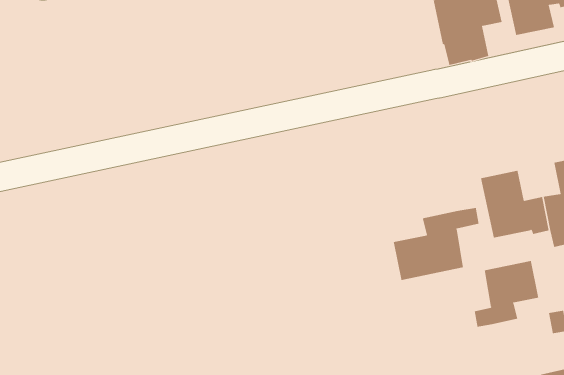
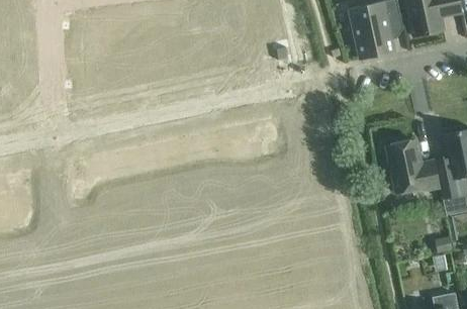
building: [393,207,479,281] -> none
building: [474,260,539,327] -> none

